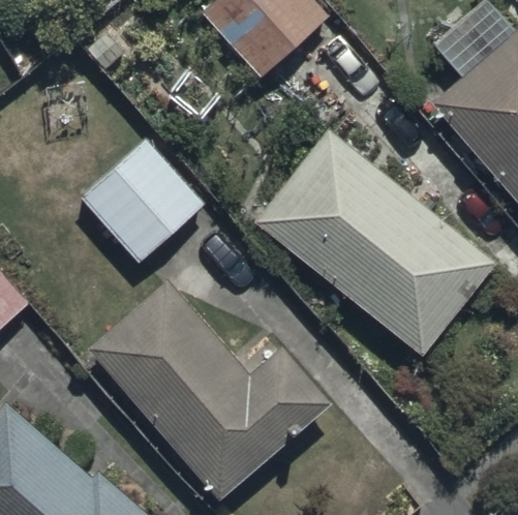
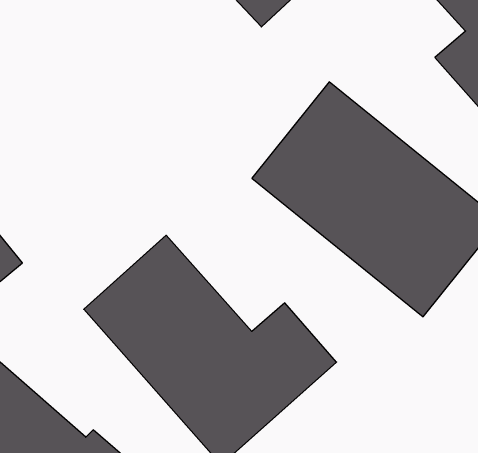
building: [82,140,207,263] -> none

